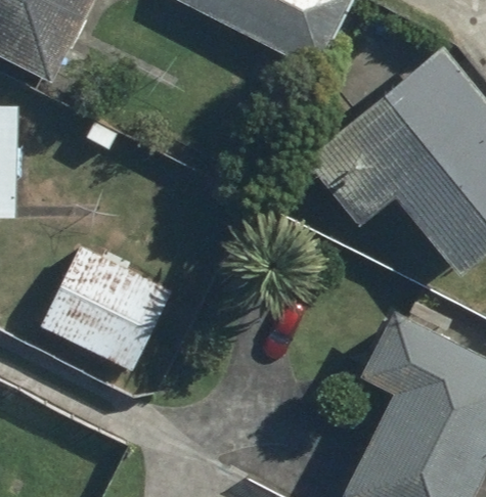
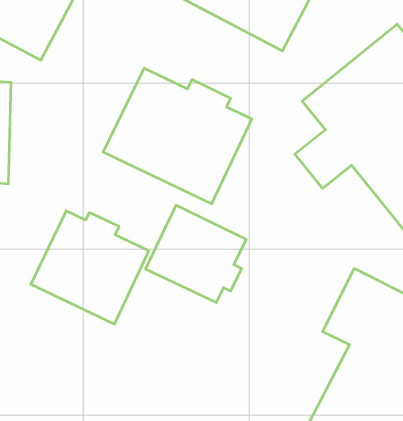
building: none -> [103,68,252,204]
building: none -> [146,205,246,303]

